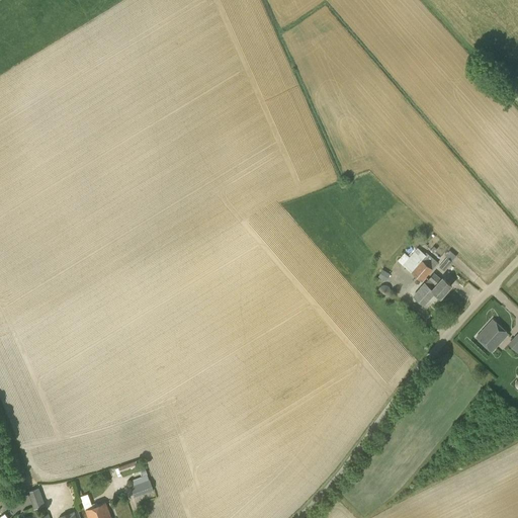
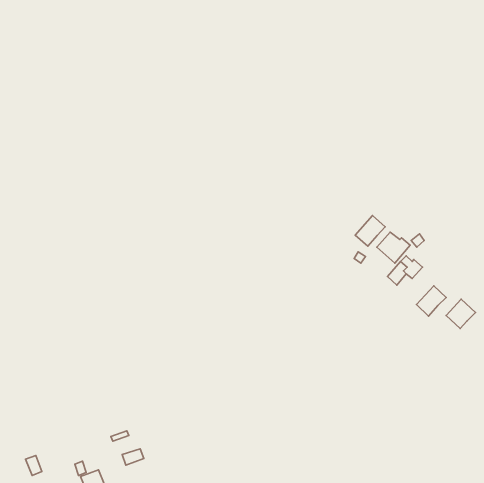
building: none -> [355,216,385,246]
building: none -> [416,286,446,316]

